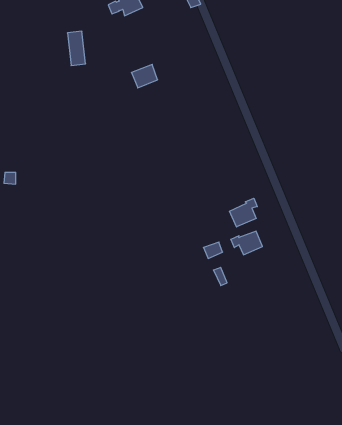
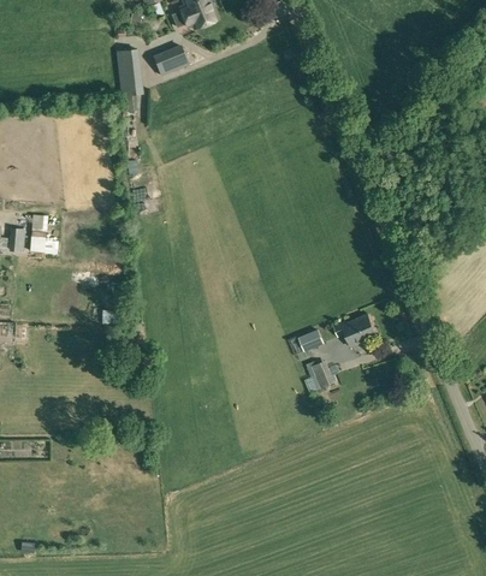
building: [131,64,158,88] -> [152,43,186,75]
building: [230,198,257,227] -> none

